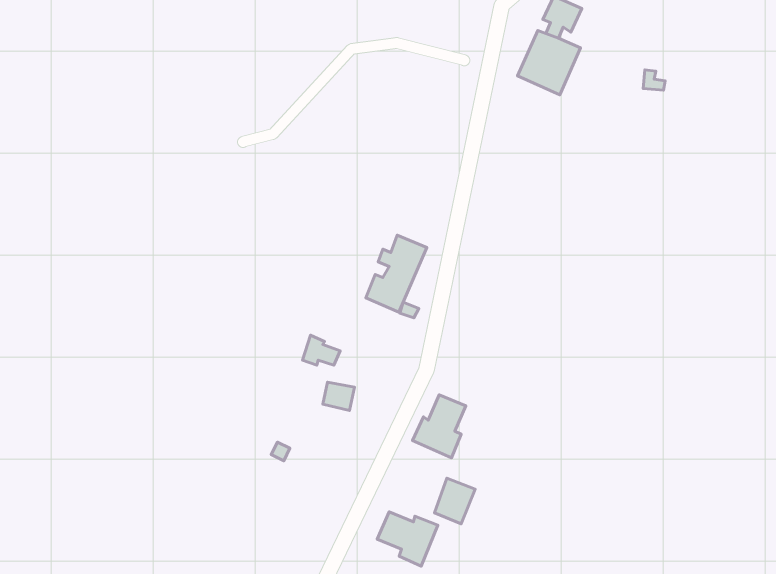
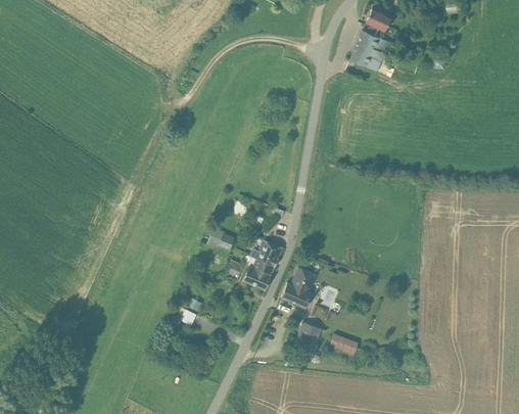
building: [366,235,427,312] -> [243,239,283,289]
building: none -> [328,333,358,359]
building: [377,512,438,566] -> none

